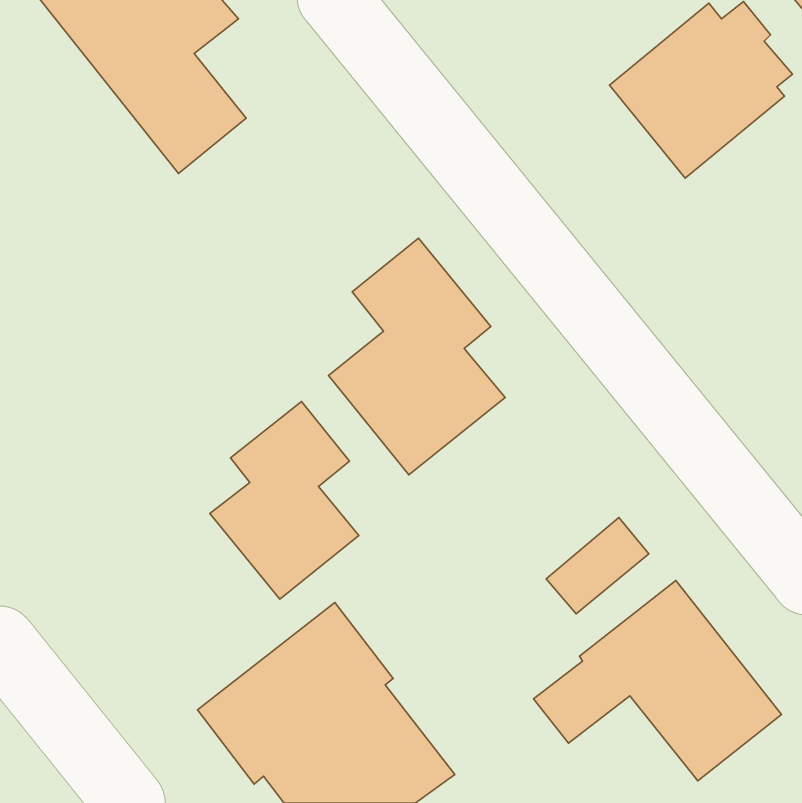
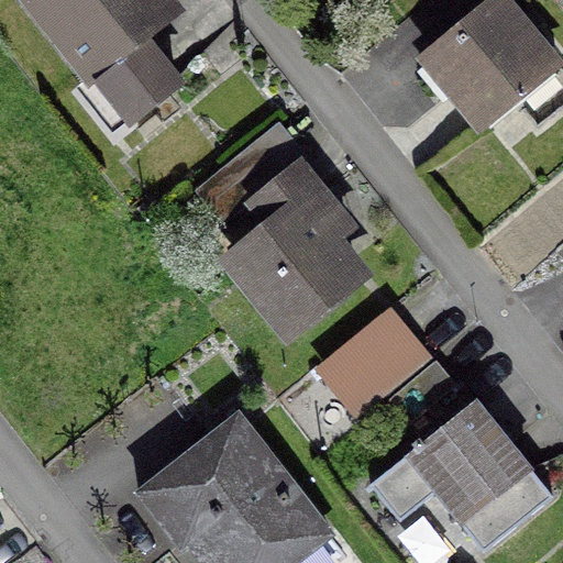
building: [210,402,359,599] -> none
building: none -> [323,318,427,417]

